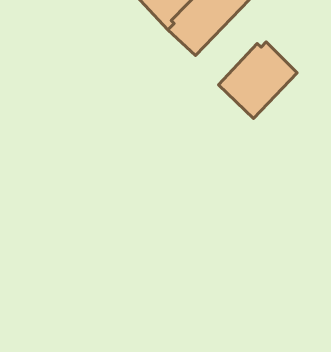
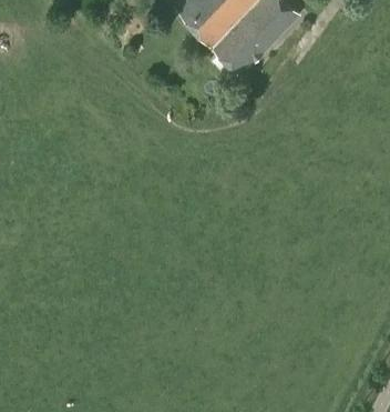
building: [219,42,297,118] -> none

